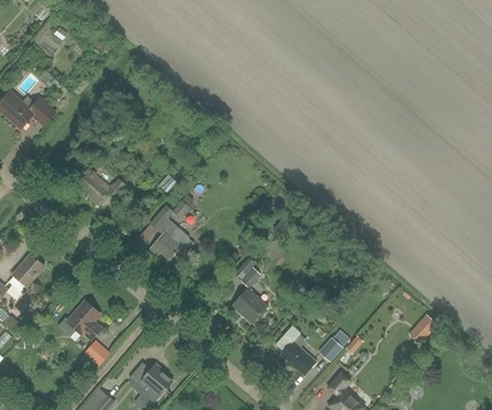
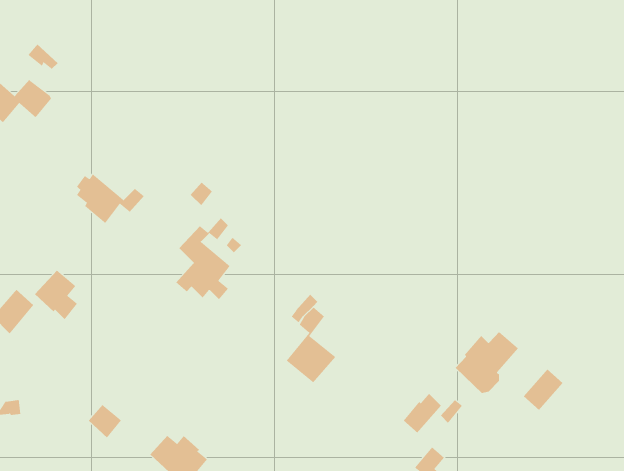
building: none -> [455,331,519,394]
building: [67,302,99,340] -> [34,270,78,320]
building: [280,340,314,374] -> none

